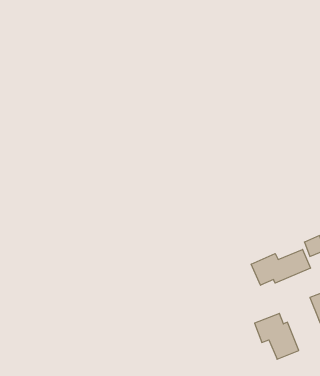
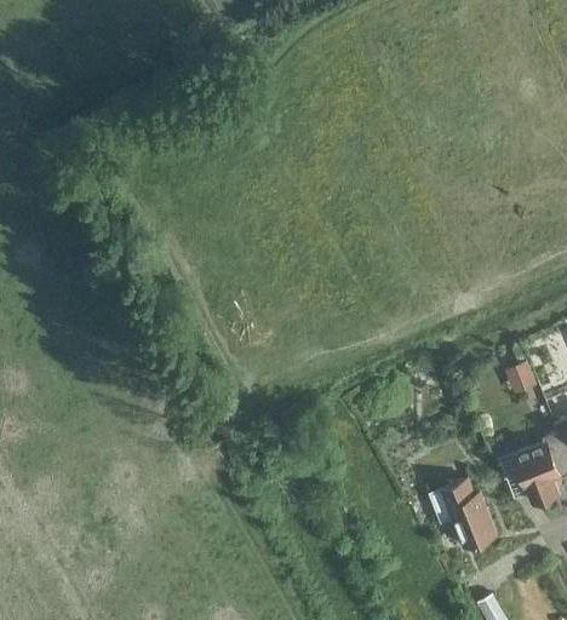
building: [251,249,310,285] -> none

